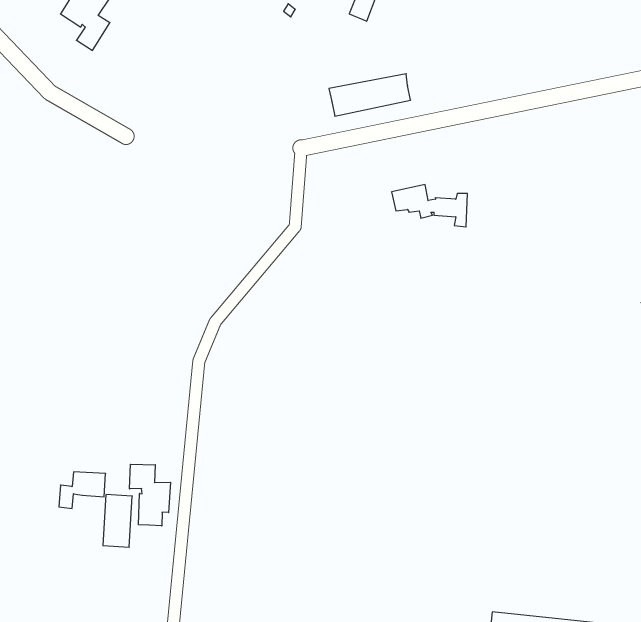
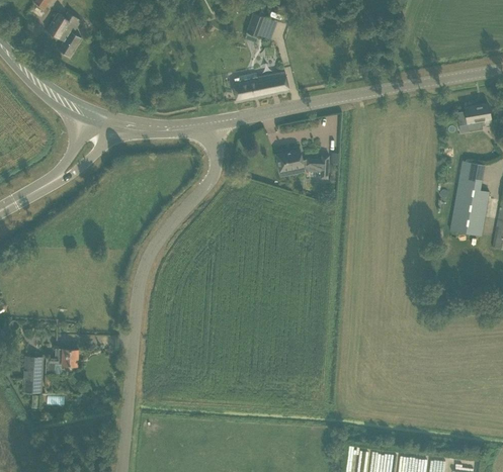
building: [130,464,170,526] -> none
building: [103,495,132,547] -> [23,358,44,394]

